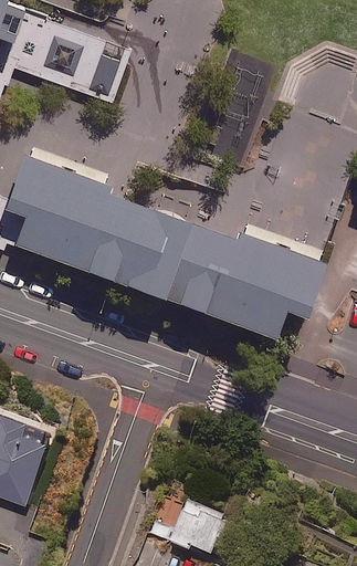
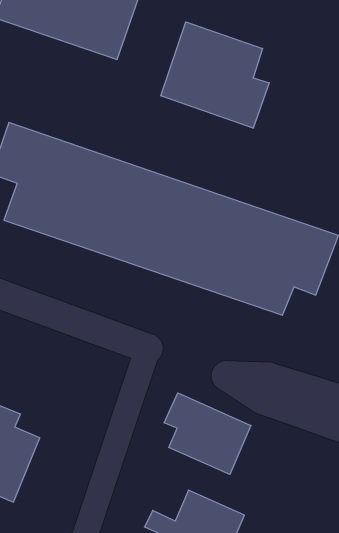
building: none -> [161,22,269,128]
building: none -> [164,393,251,474]

